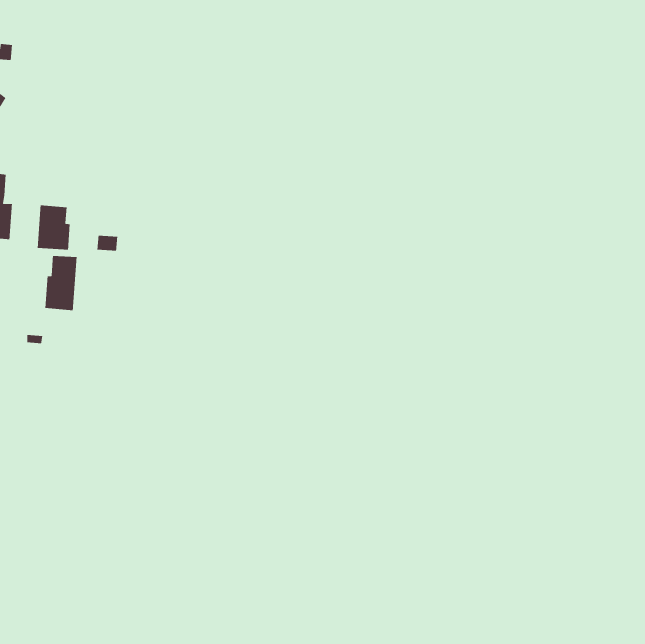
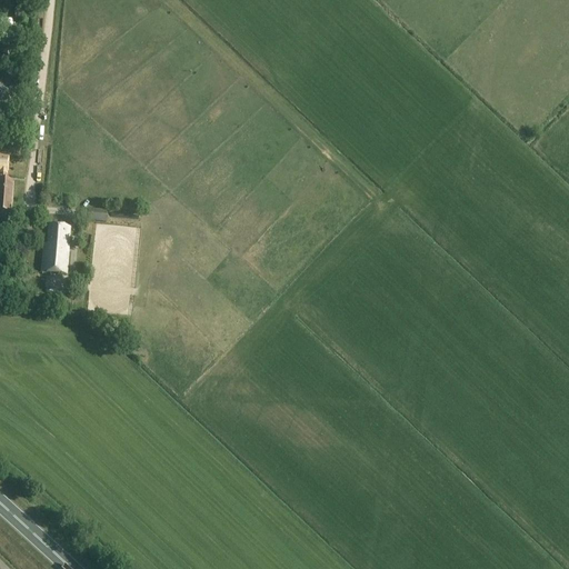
building: [37,205,70,250] -> none

